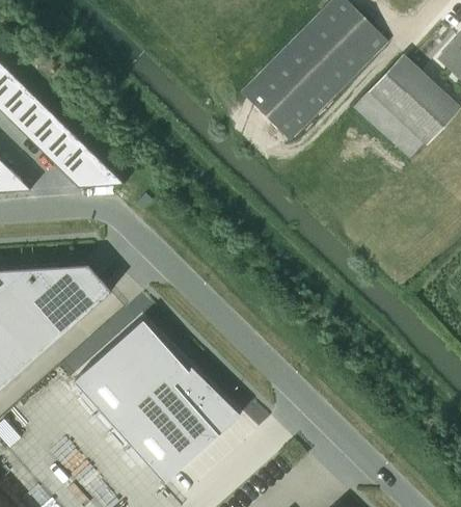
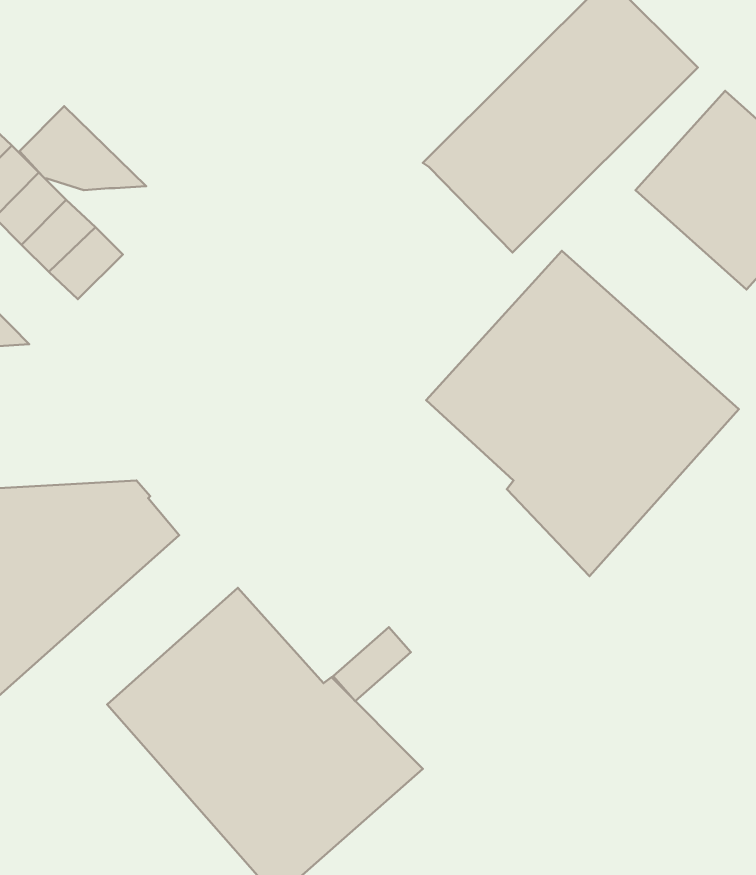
building: none -> [426,251,739,576]
building: [56,141,124,186] -> [19,106,146,190]
building: none -> [333,627,411,701]

